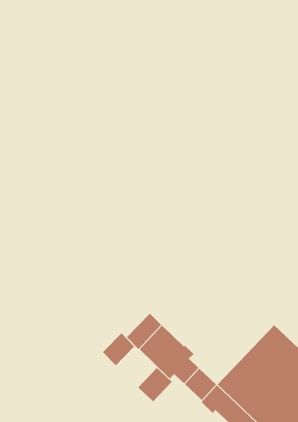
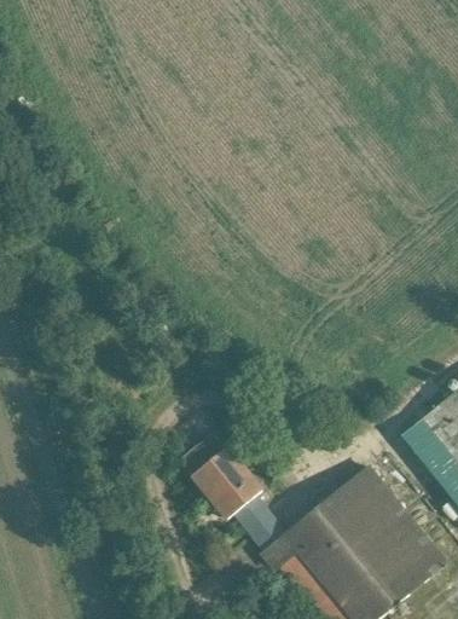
building: [102,332,135,366] -> none
building: [137,367,173,402] -> none

